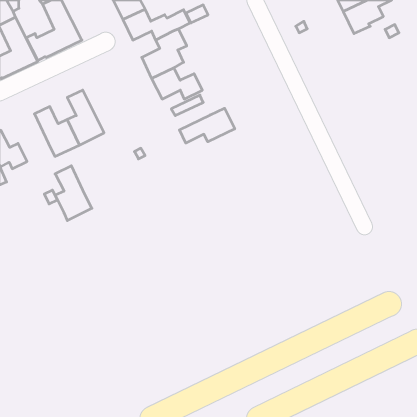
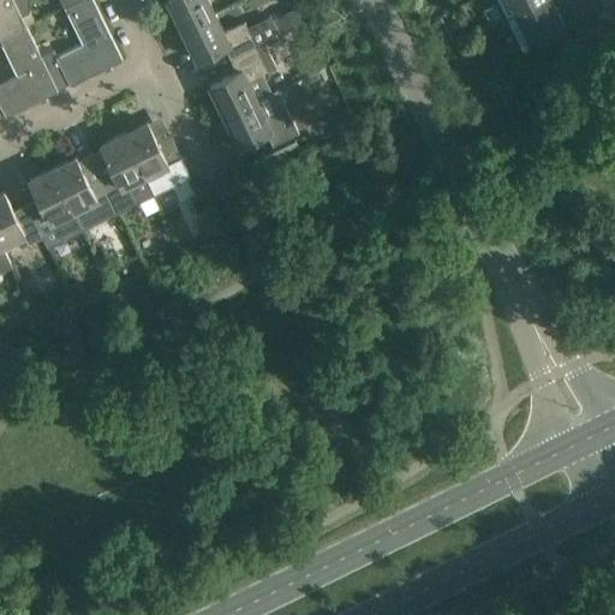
building: none -> [121,123,187,189]
building: [179,108,235,143] -> none
building: [55,166,92,221] -> [26,169,80,250]

